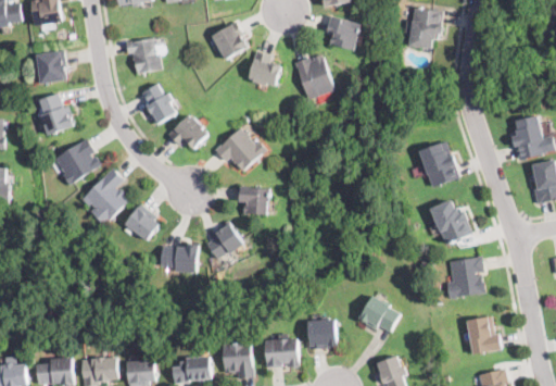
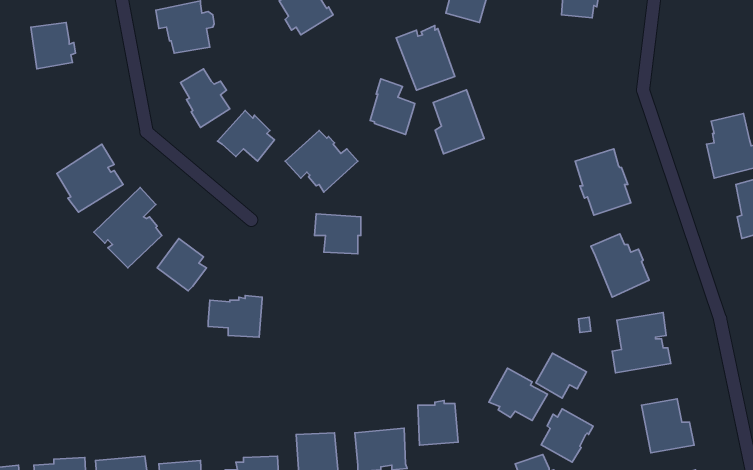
building: [249,49,280,88] -> [370,79,415,134]
building: [38,92,72,134] -> none
building: none -> [433,90,484,154]
building: [205,221,243,260] -> none
building: none -> [536,353,586,398]
building: none -> [541,409,593,462]

